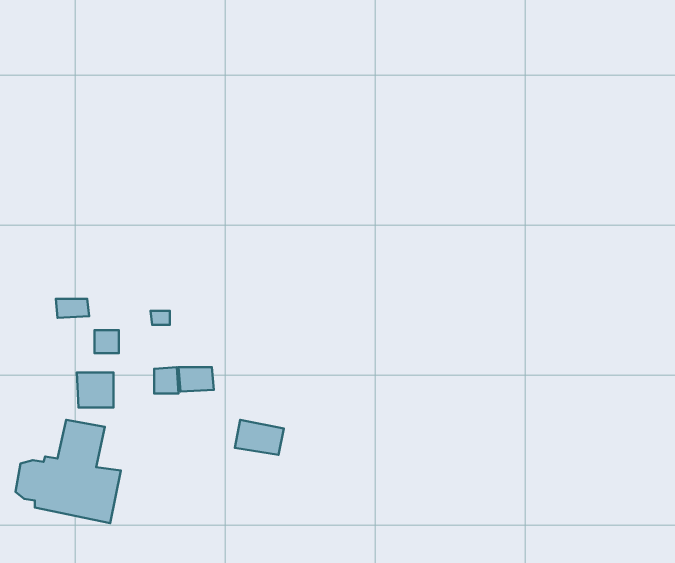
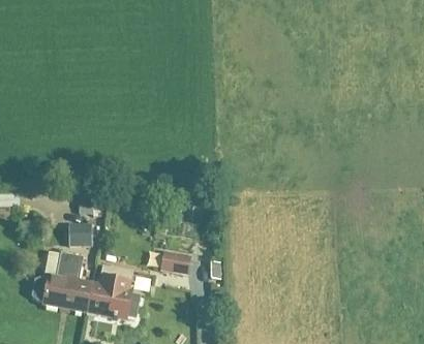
building: none -> [88,264,140,319]

